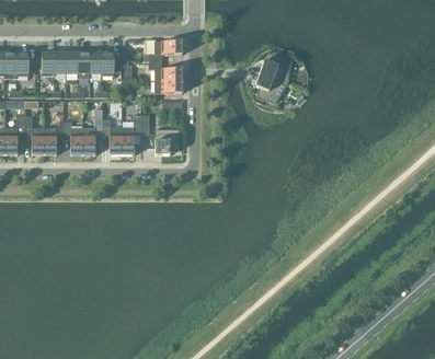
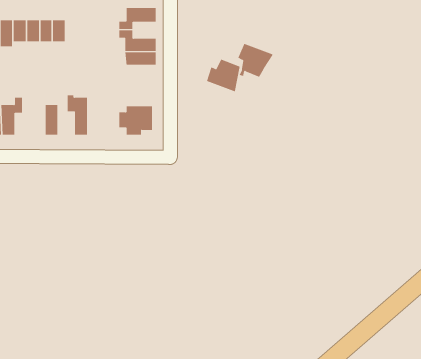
building: [101,51,121,76] -> none
building: [260,53,290,82] -> [206,59,240,92]
building: [121,115,140,154] -> none
building: [62,120,82,154] -> none

